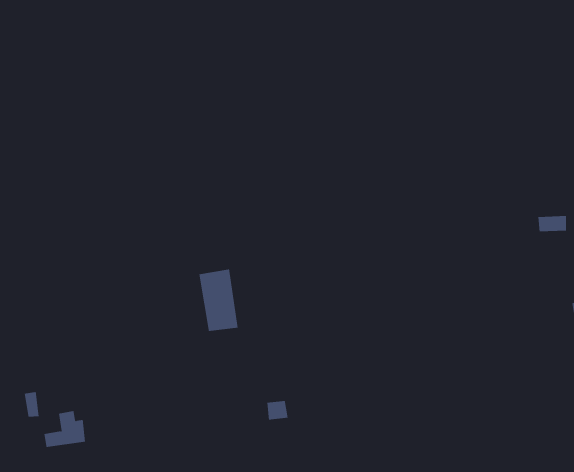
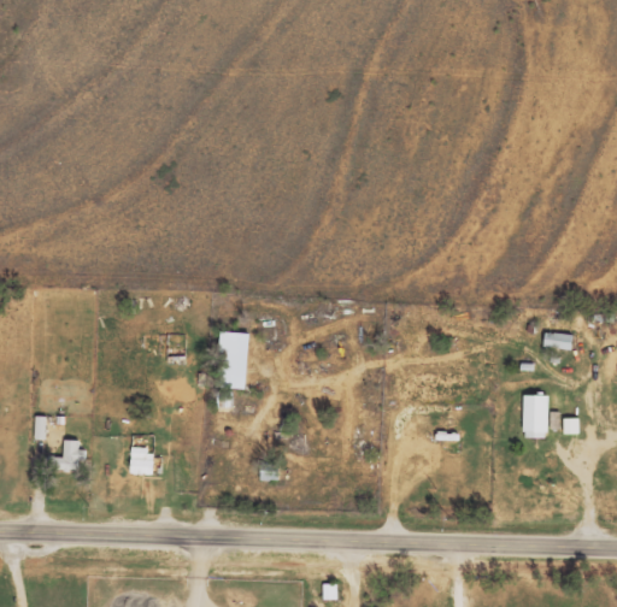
building: none -> [523,394,548,436]
building: none -> [131,446,152,473]

